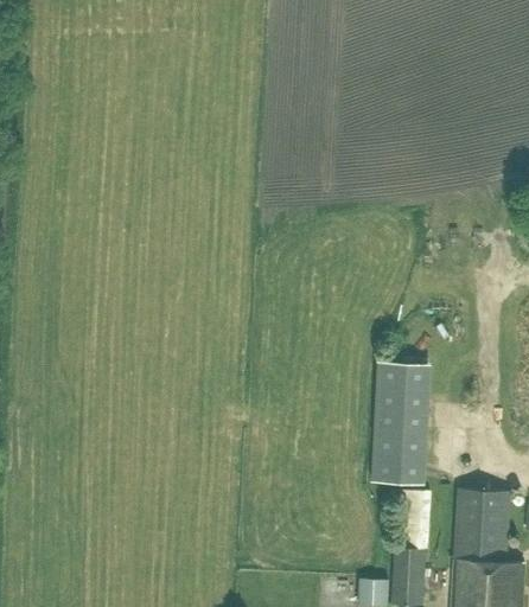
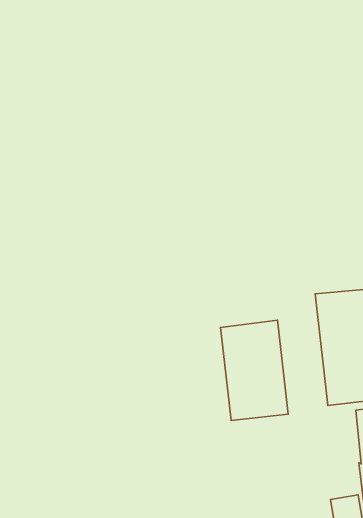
building: none -> [221,320,288,421]

